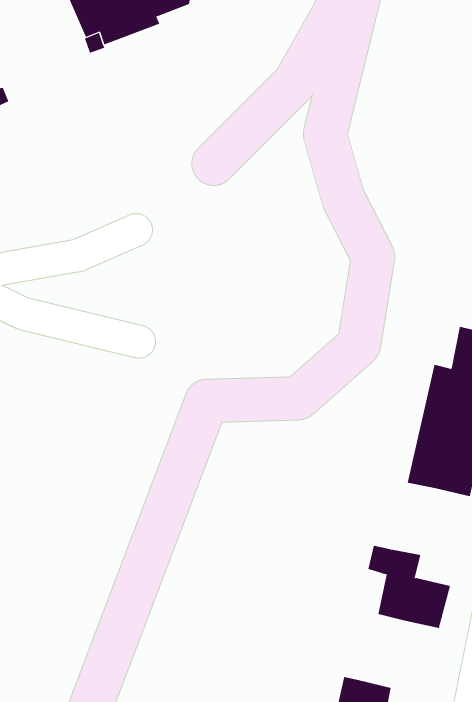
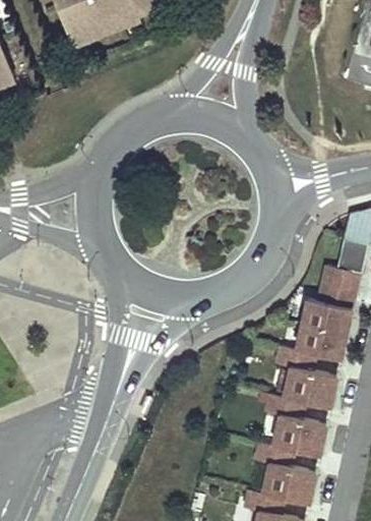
building: none -> [280,348,338,408]
building: none -> [258,443,317,504]

